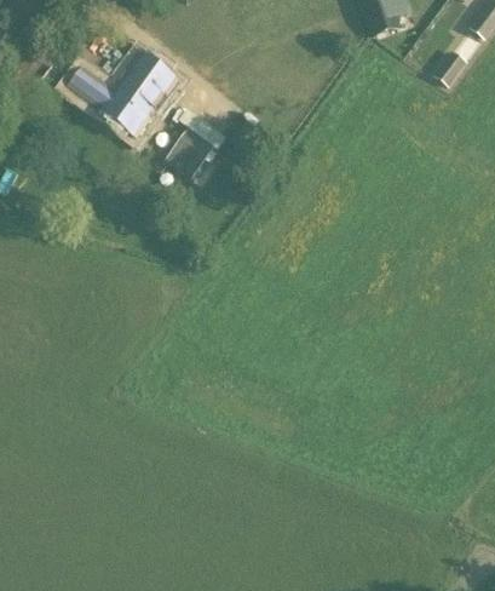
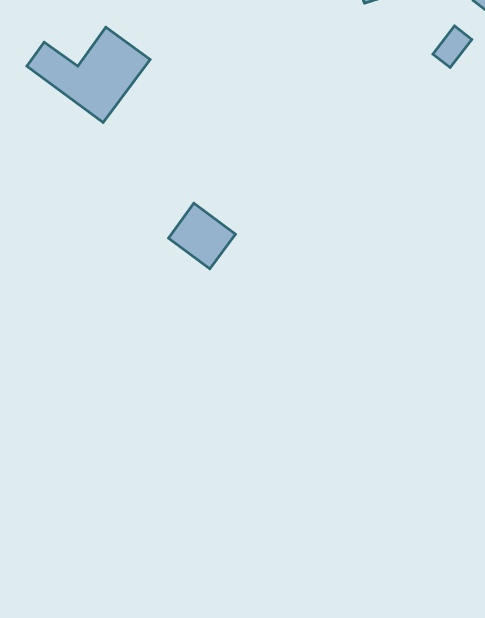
building: [166,126,226,185] -> [168,203,235,269]

